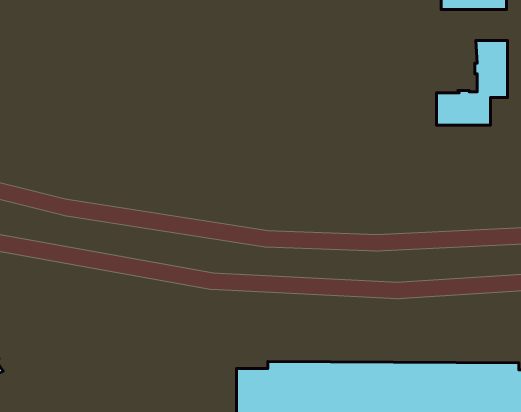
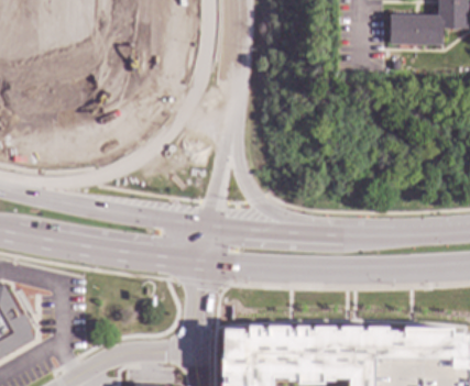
building: [437,40,507,125] -> none

